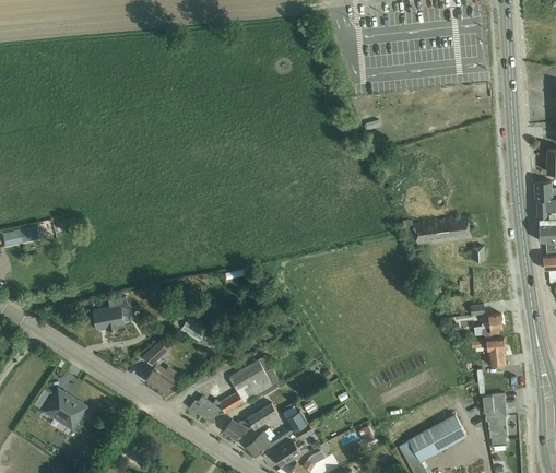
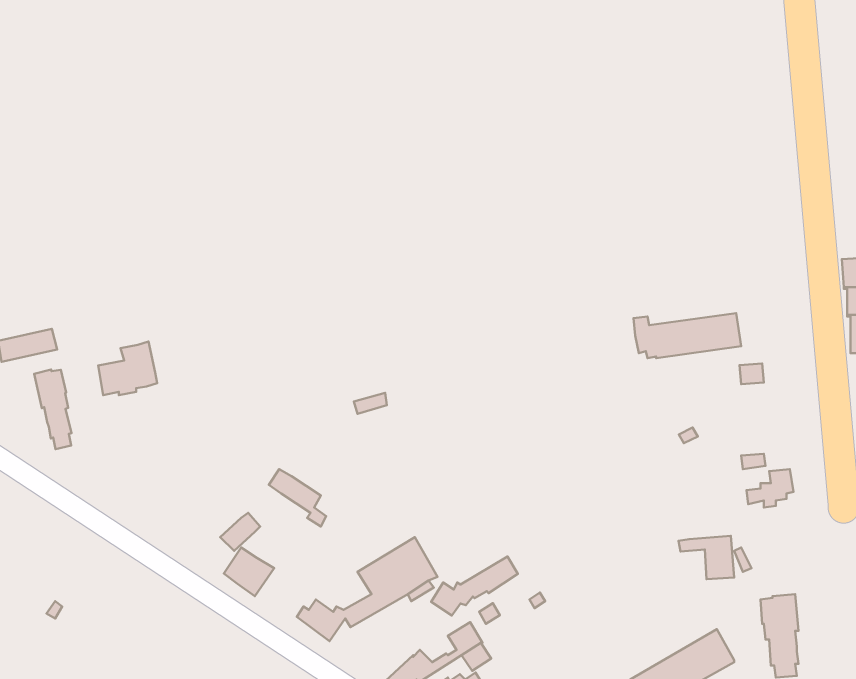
building: none -> [34,370,71,449]
building: [94,295,131,329] -> [98,341,157,395]
building: [472,338,507,365] -> [679,536,734,579]
building: [44,388,87,428] -> none
building: [224,403,279,440] -> [431,557,518,616]

